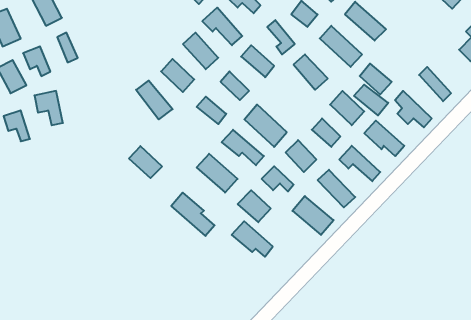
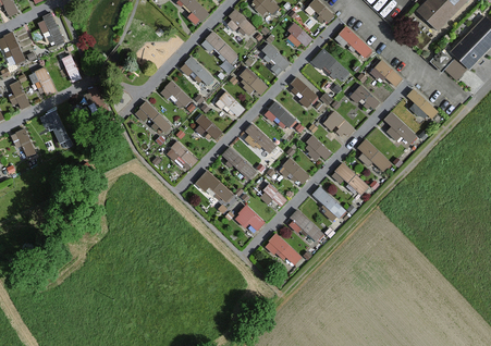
building: none -> [262,100,296,128]
building: [354,85,388,115] -> [370,60,403,89]
building: [129,146,162,178] -> [167,140,198,171]
building: [171,193,215,236] -> none
building: [232,221,273,257] -> [263,233,303,267]

